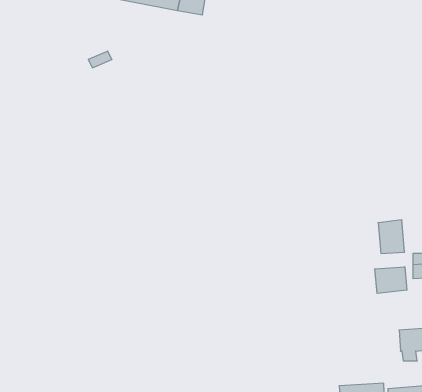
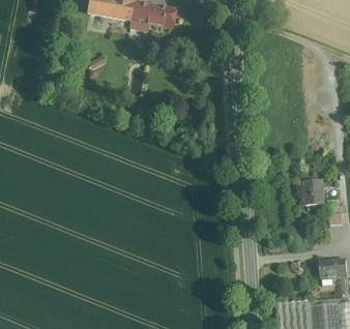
building: [375,267,407,293] -> none

